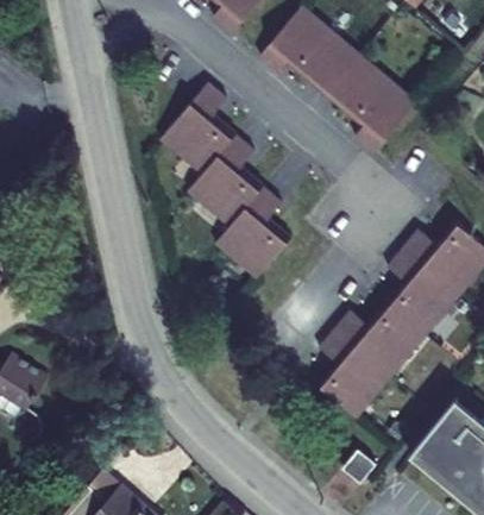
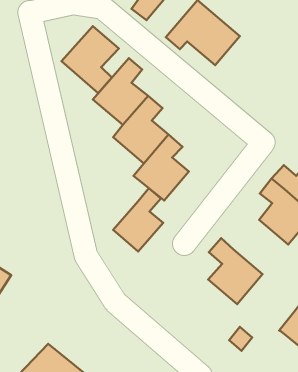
building: none -> [61,26,119,93]
building: [325,55,416,153] -> none
building: none -> [113,188,163,252]
building: [333,303,423,377] -> none

